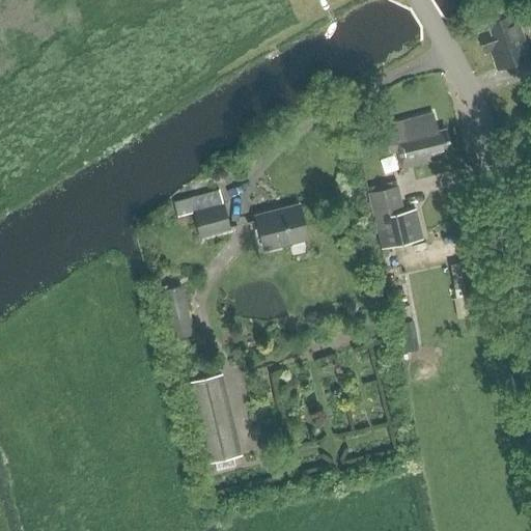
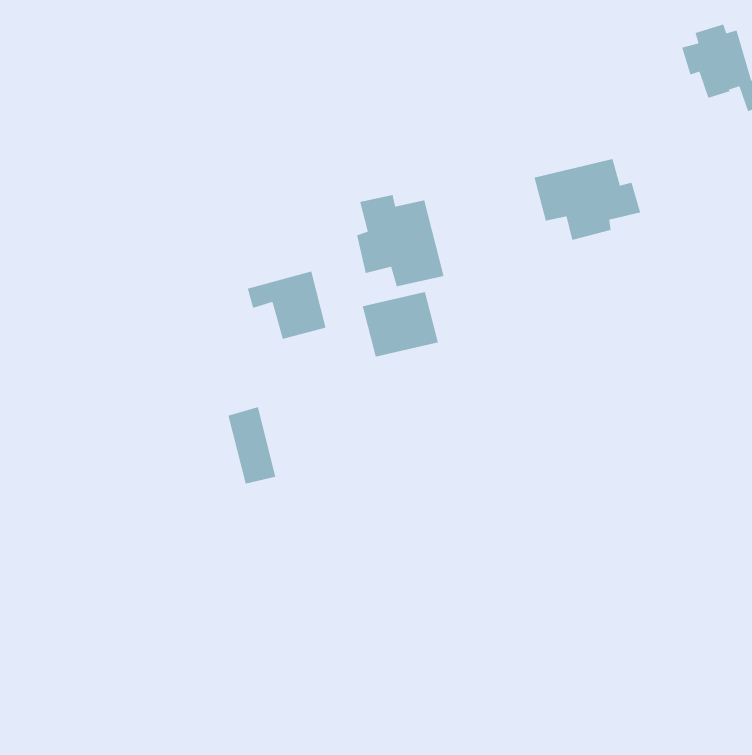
building: none -> [356,194,444,287]
building: [369,187,424,249] -> none
building: [188,374,244,465] -> none

